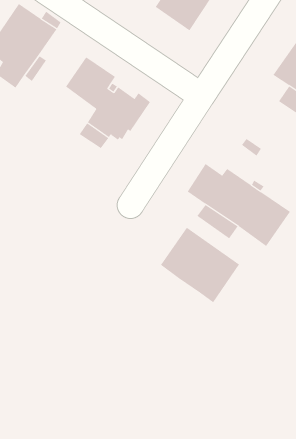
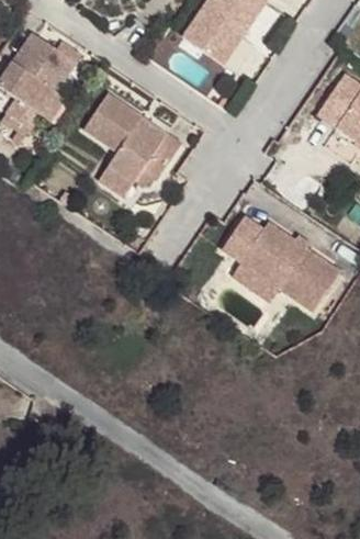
building: [160,227,240,303] -> none

